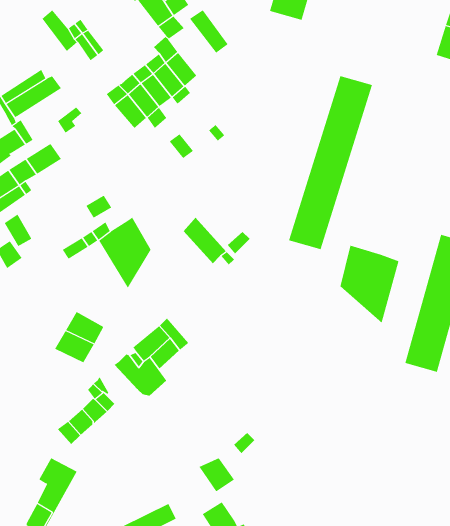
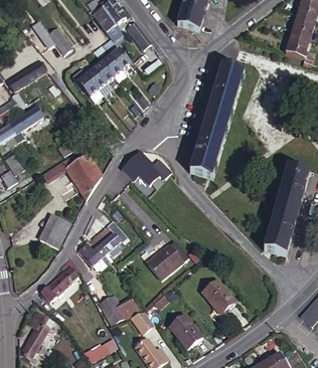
building: [340,245,399,324] -> none
building: none -> [147,241,189,281]
building: none -> [203,279,235,312]
building: none -> [101,295,136,322]
building: none -> [169,313,201,347]

